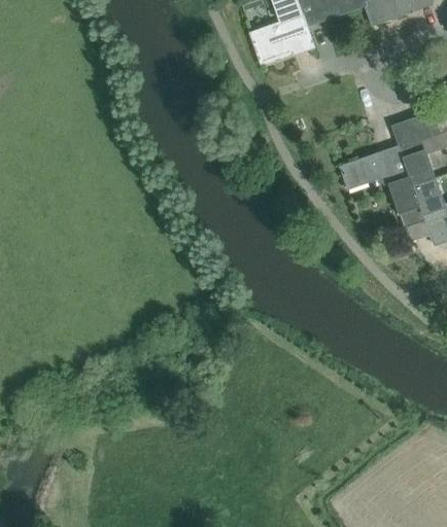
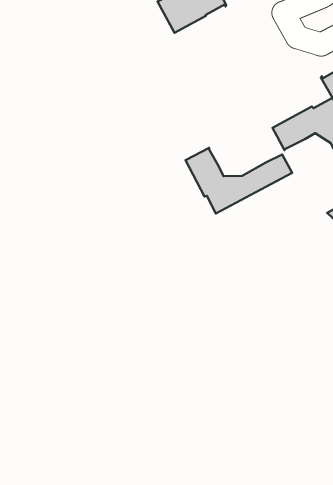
building: none -> [185,148,292,214]

